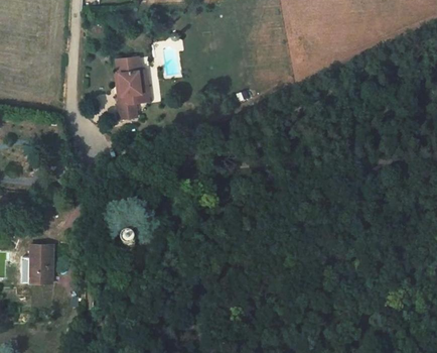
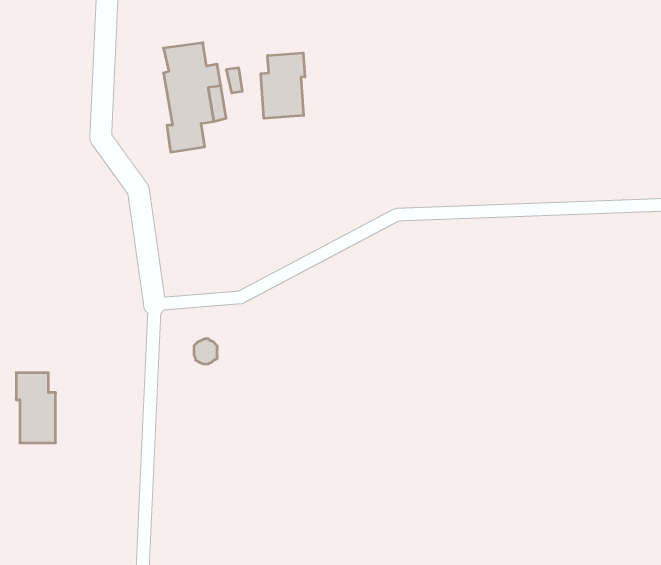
building: none -> [261,53,305,118]

